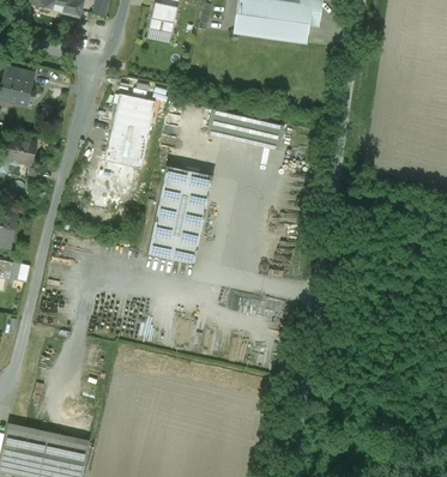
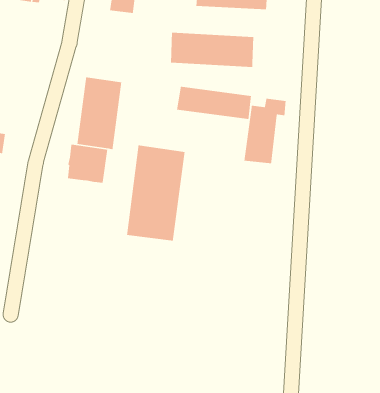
building: none -> [170,32,254,68]
building: none -> [244,98,286,164]

